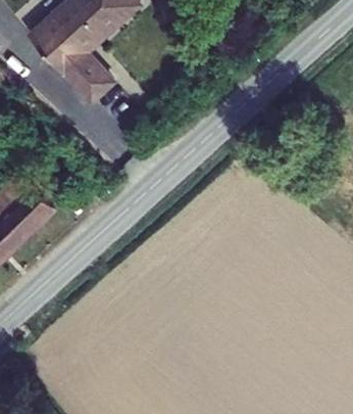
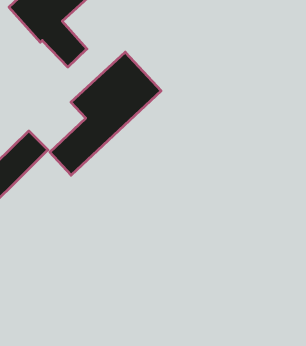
building: none -> [50,52,161,175]

